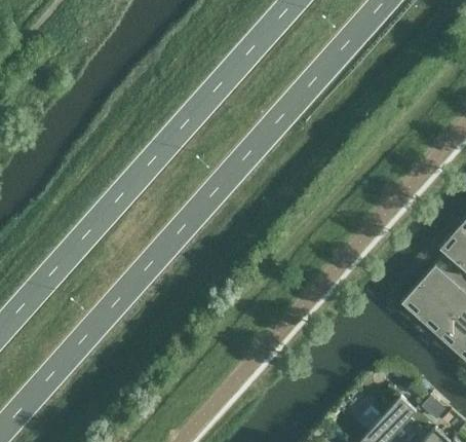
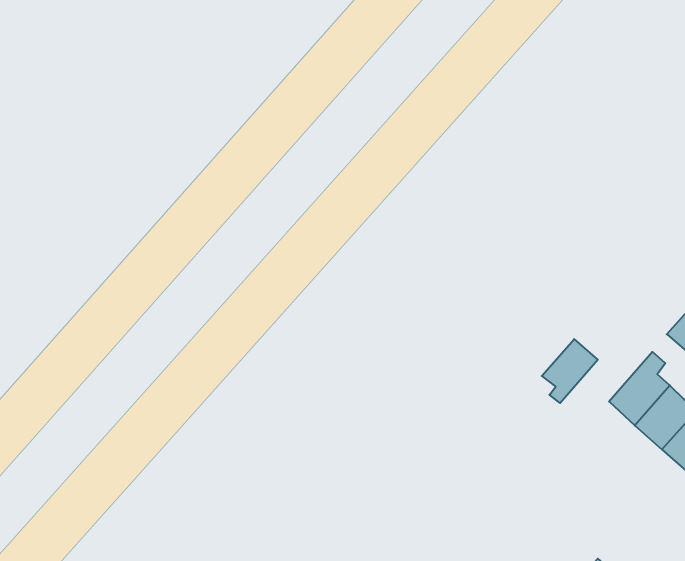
building: none -> [542,339,598,403]

